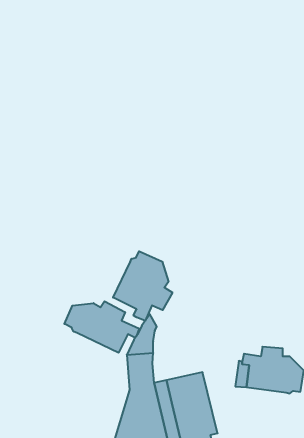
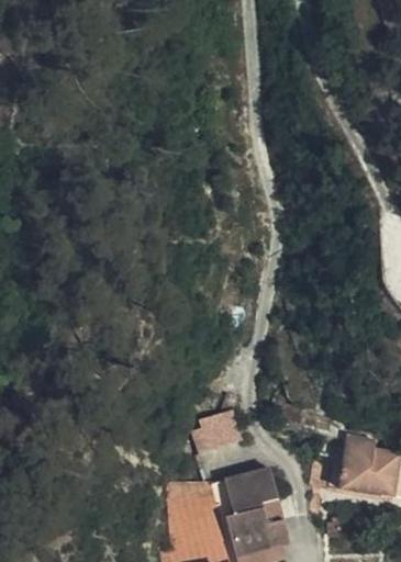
building: [113,251,172,321] -> none
building: [64,301,139,353] -> none

